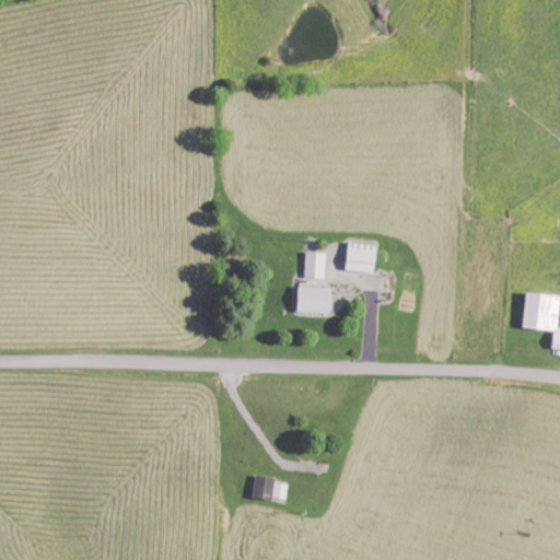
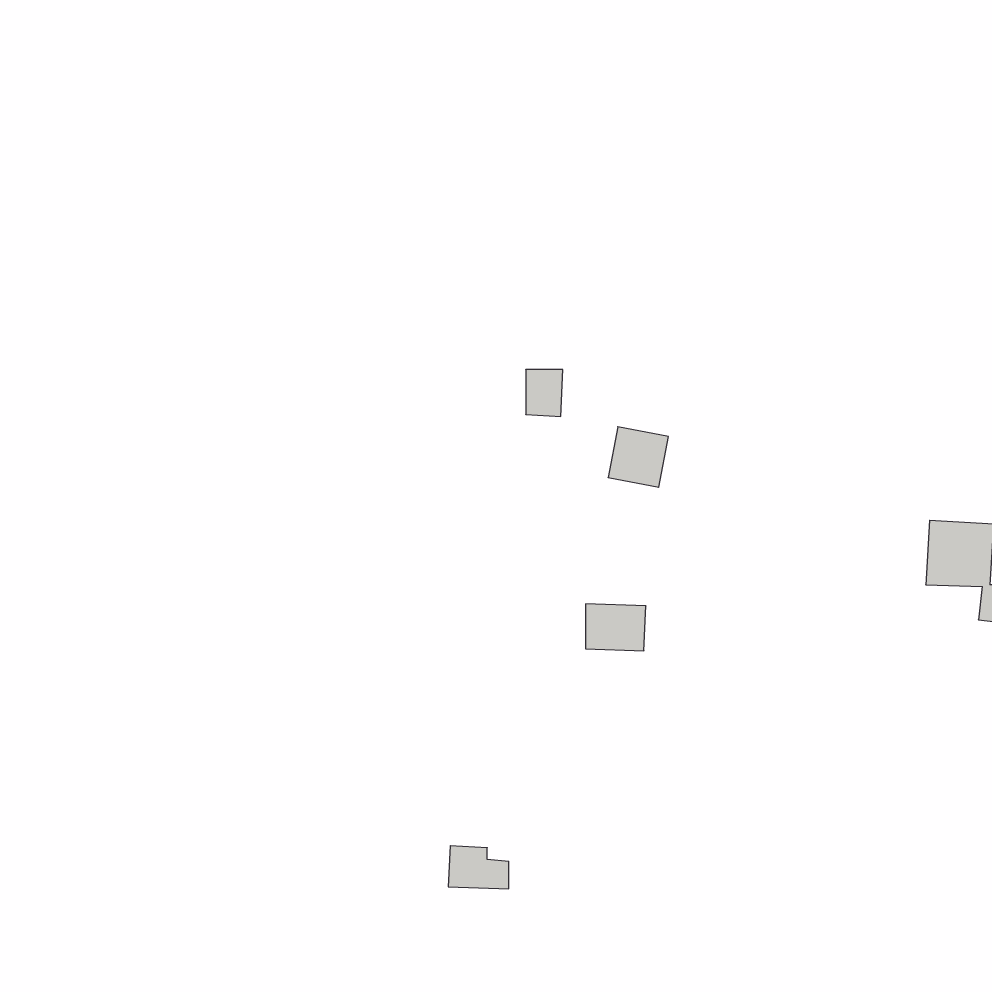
building: [305,252,326,278] -> [526,370,563,416]
building: [296,285,330,312] -> [586,604,646,651]

